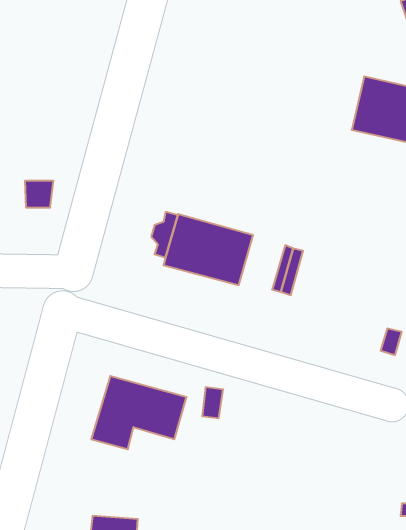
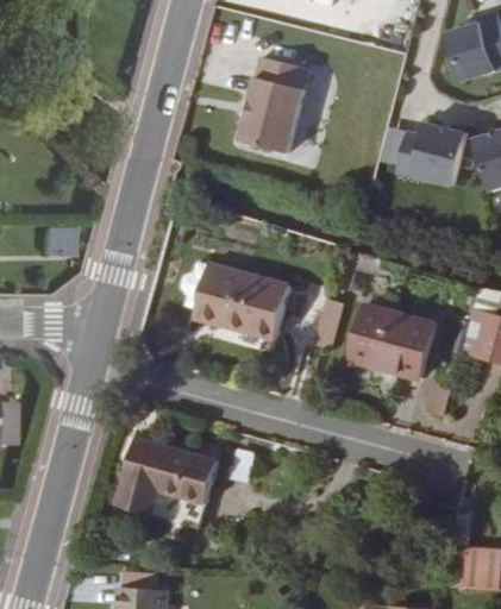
building: none -> [237,74,306,155]
building: none -> [351,303,438,379]

